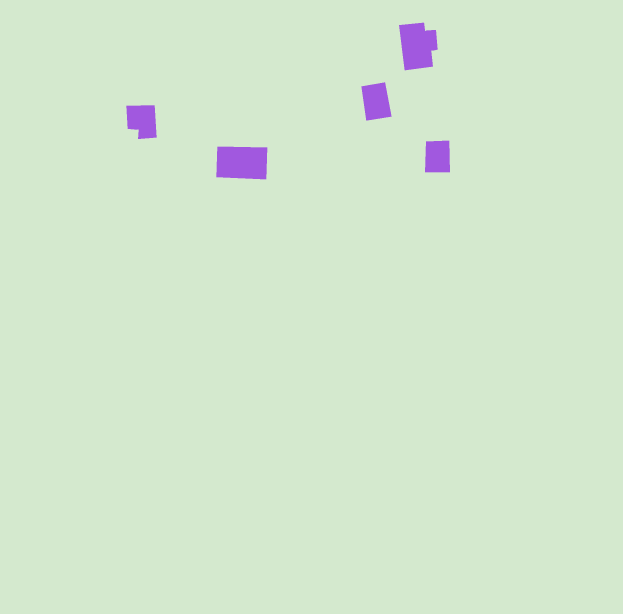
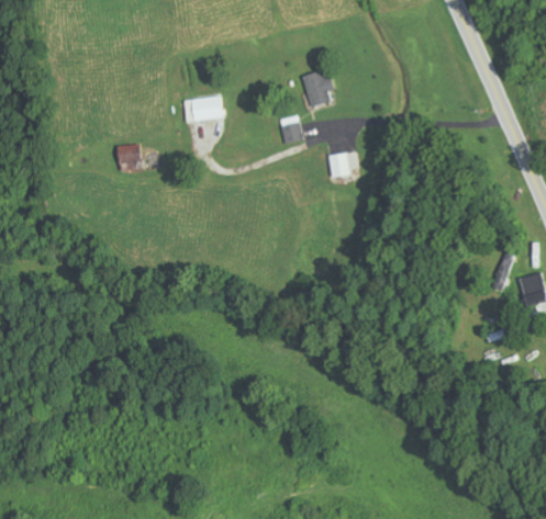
building: [216,146,268,180] -> [183,97,221,121]

